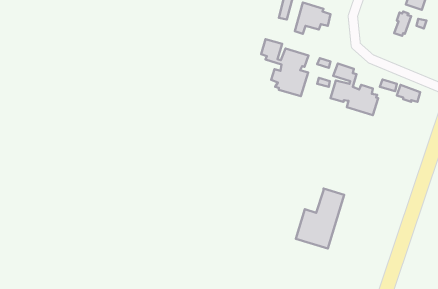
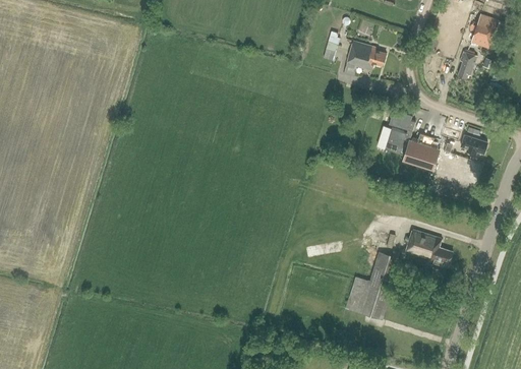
building: [261,39,309,96] -> none
building: none -> [404,230,452,271]

